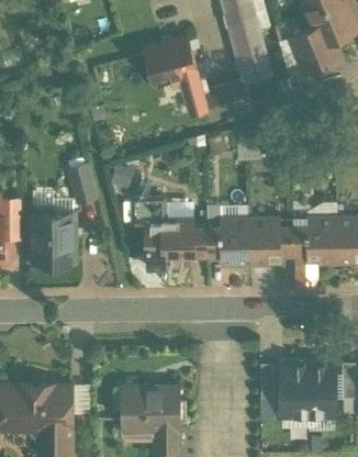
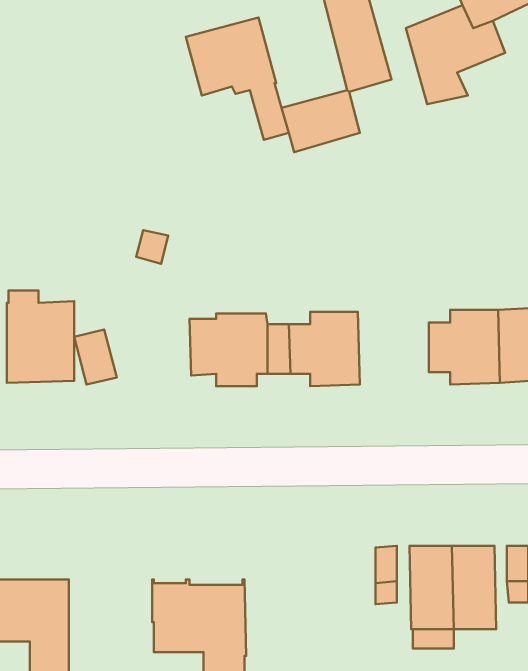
building: [71,167,98,201] -> [74,330,117,385]
building: [250,218,294,263] -> none

